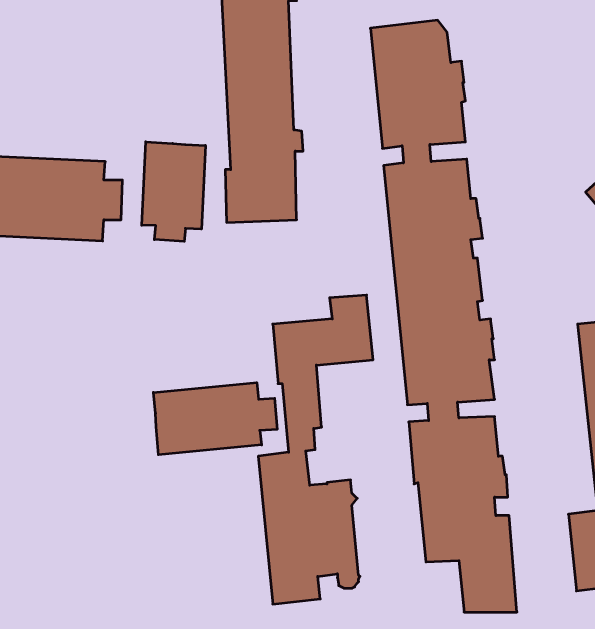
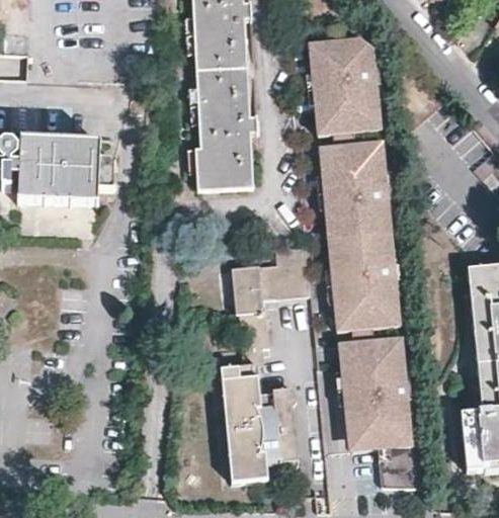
building: [142,142,205,241] -> none
building: [153,383,277,455] -> none

